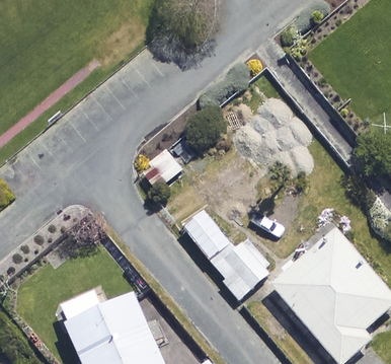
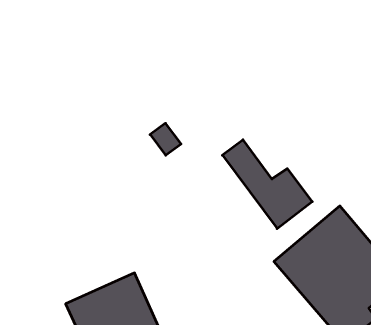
building: [184,210,272,297] -> [222,140,312,229]

